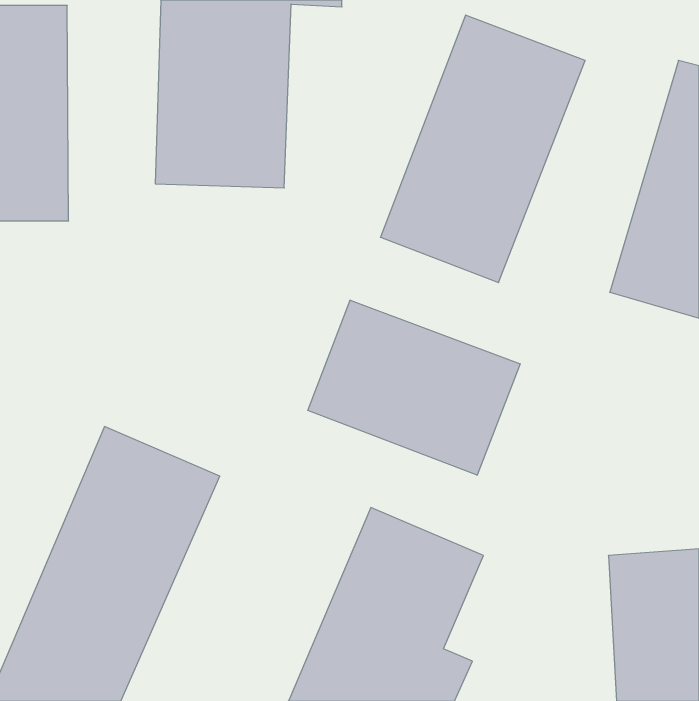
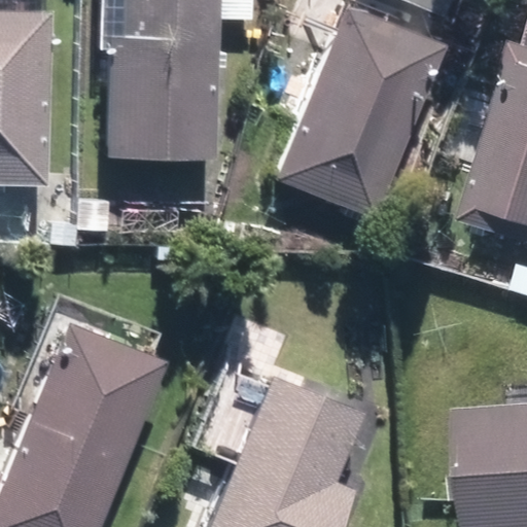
building: [308,300,520,475] -> none

